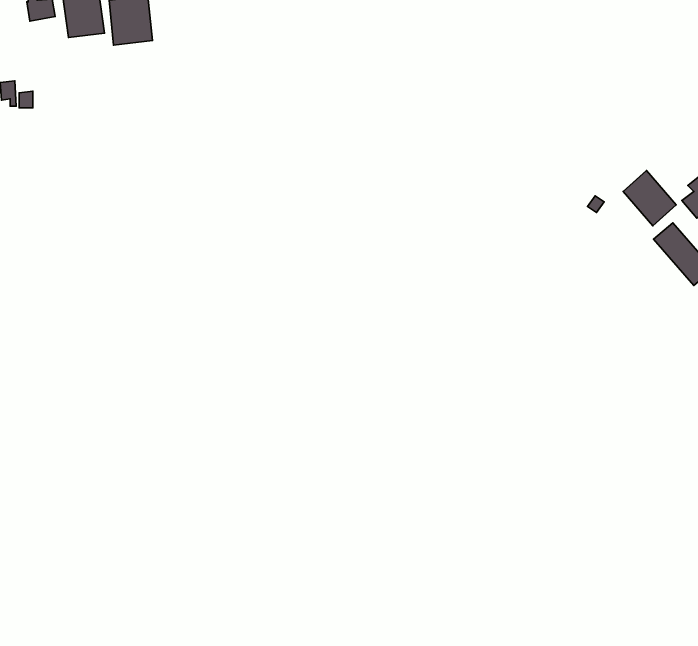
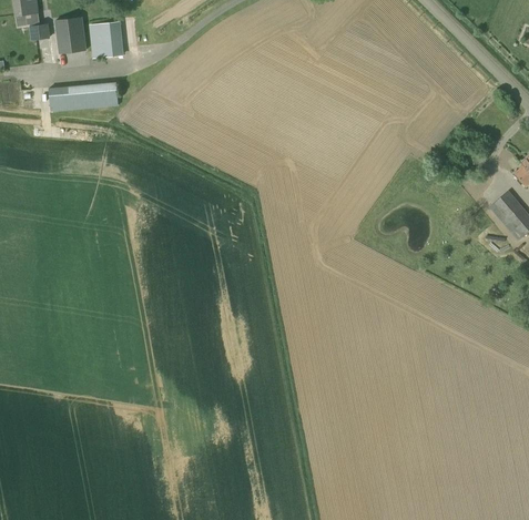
building: none -> [48,83,118,112]
building: [623,171,676,226] -> none

